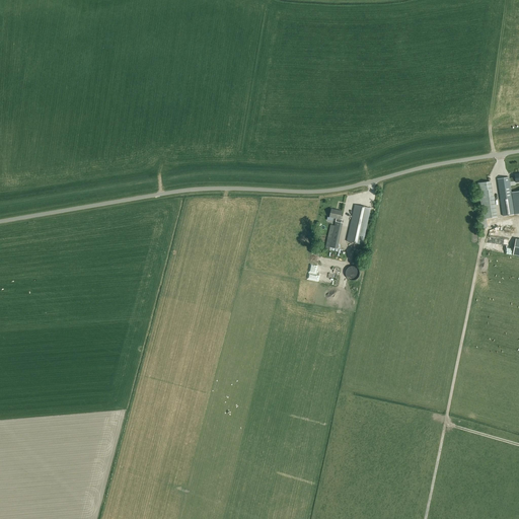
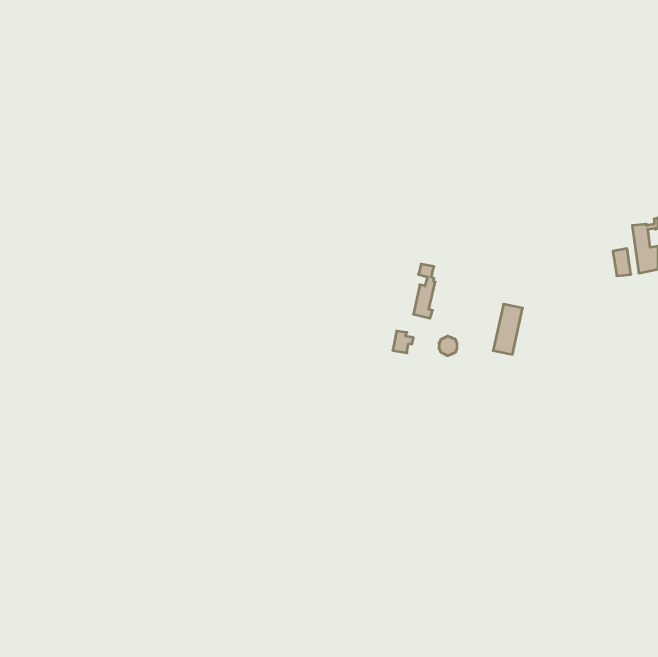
building: [347,204,370,243] -> [493,304,523,354]

